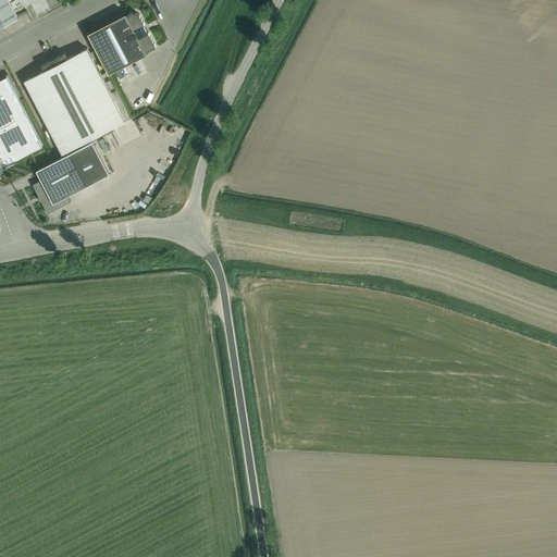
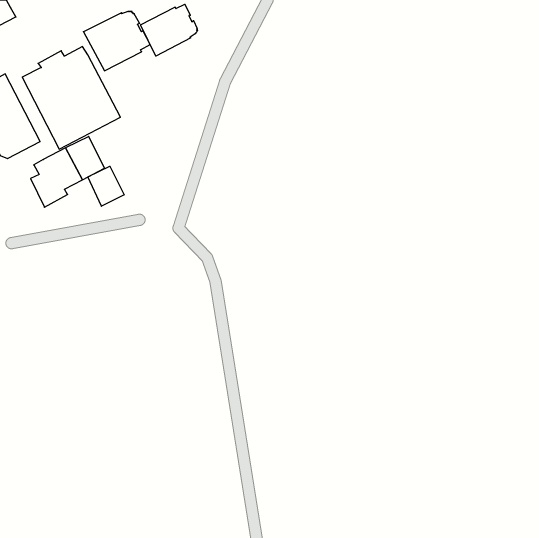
building: none -> [141,4,198,56]
building: none -> [88,166,124,206]

